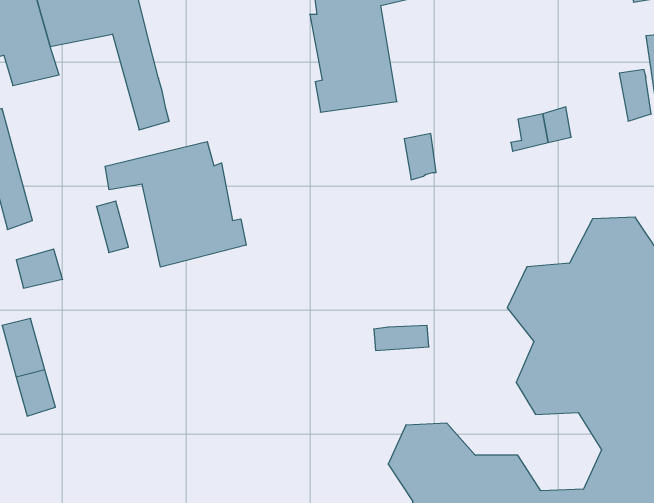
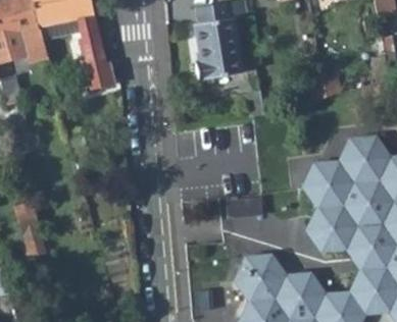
building: [105,142,246,267] -> none

